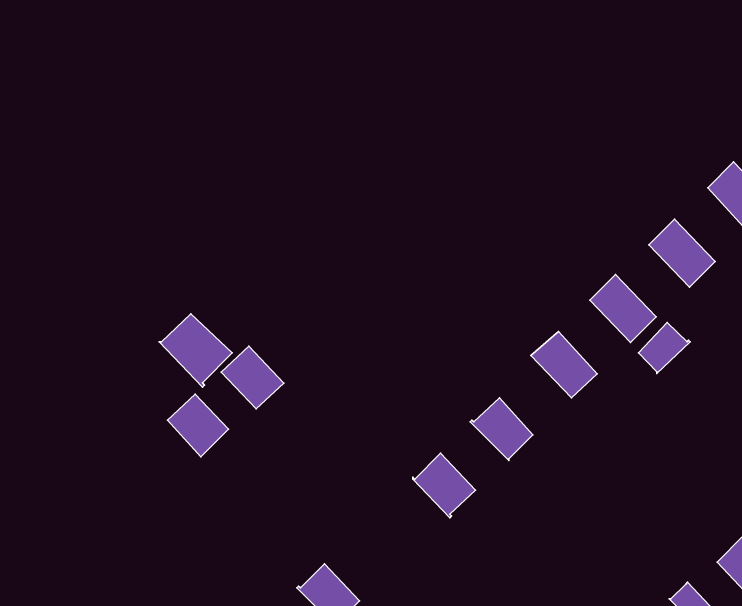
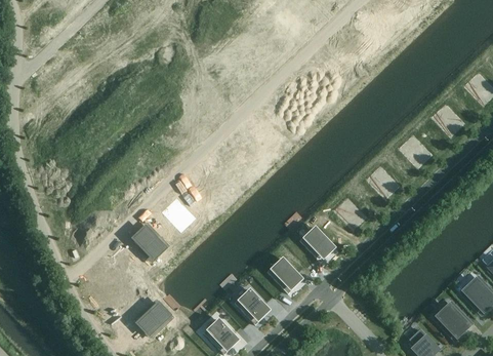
building: [159,314,232,387] -> none
building: [639,323,690,373] -> none
building: none -> [235,288,270,323]
building: none -> [136,299,170,333]

